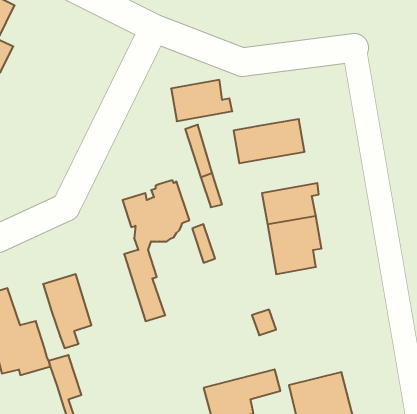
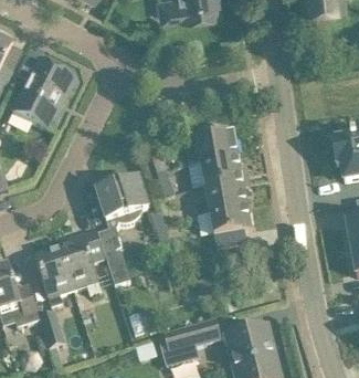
building: none -> [12,59,73,126]
building: [171,80,232,121] -> [201,153,249,185]
building: none -> [61,230,105,293]

